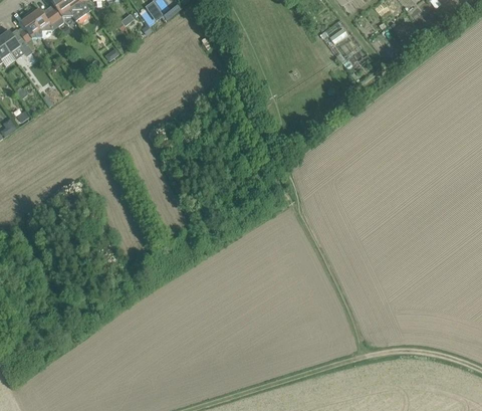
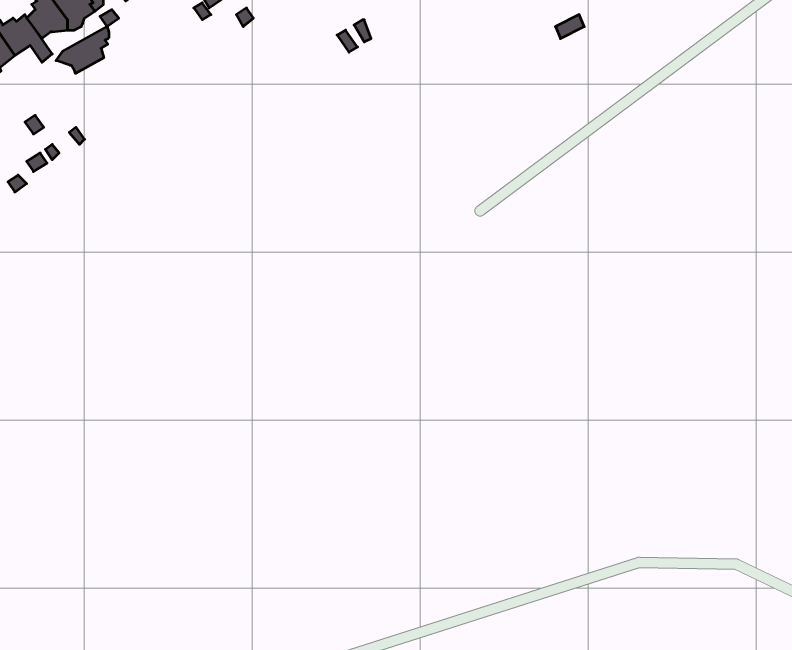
building: none -> [56,26,109,73]

